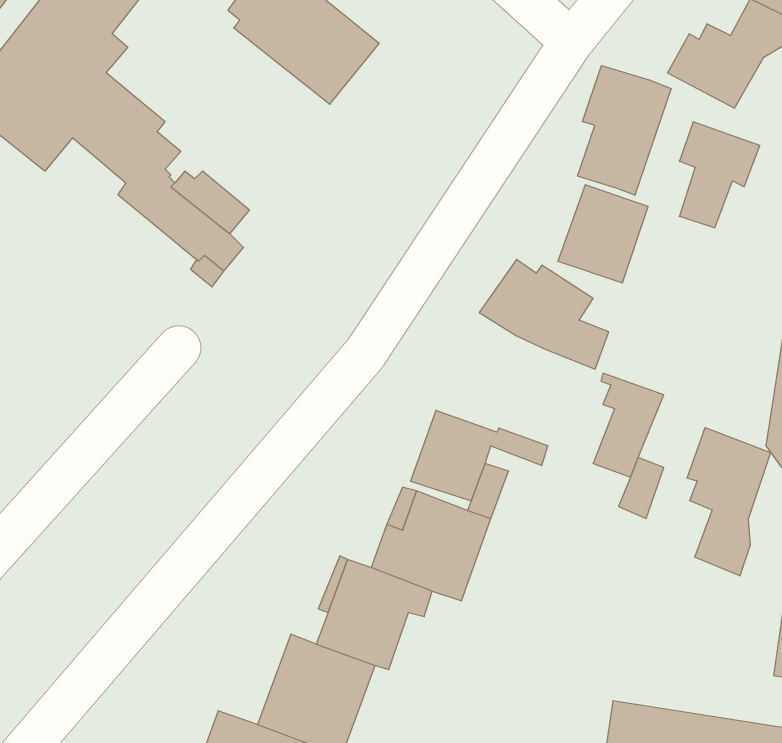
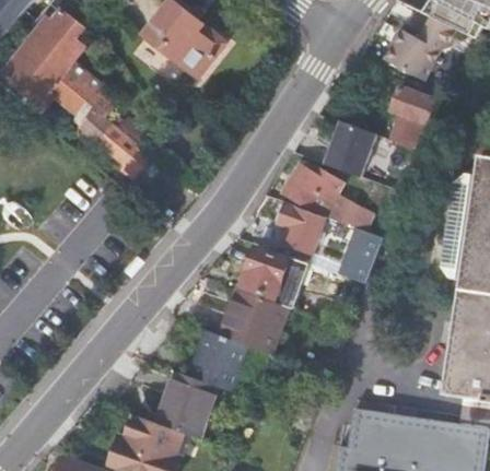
building: [577,66,671,195] -> none
building: none -> [279,205,323,252]
building: [687,428,771,576] -> none

